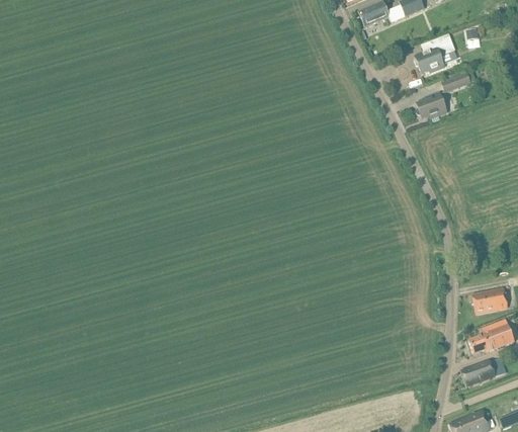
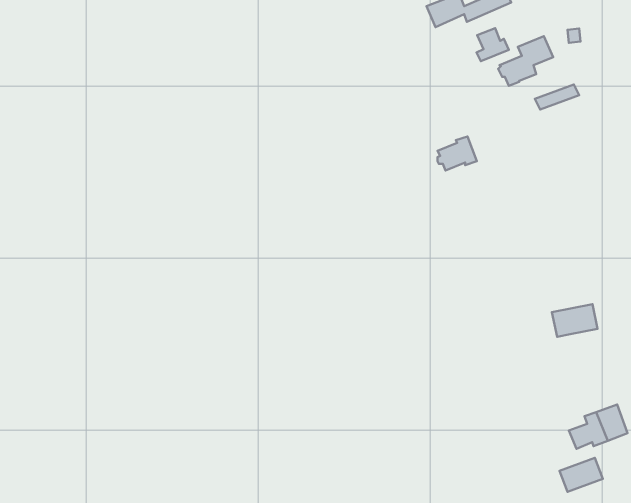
building: none -> [476,28,509,61]
building: [417,92,447,118] -> [438,136,477,170]
building: [472,287,508,313] -> [552,304,598,337]

